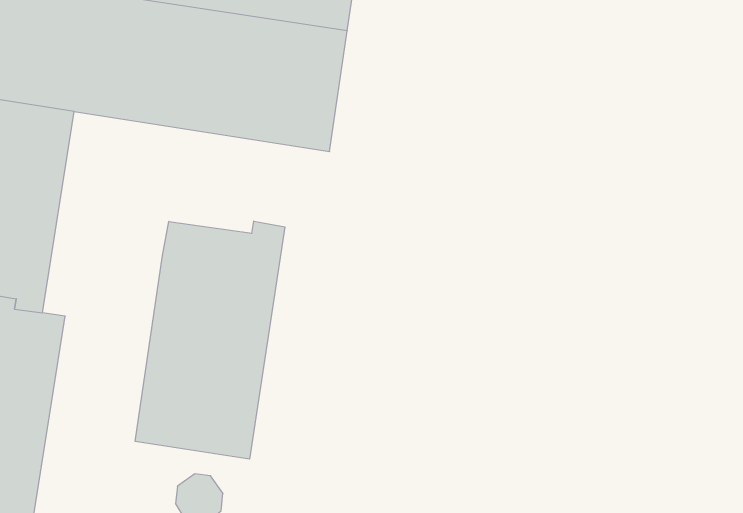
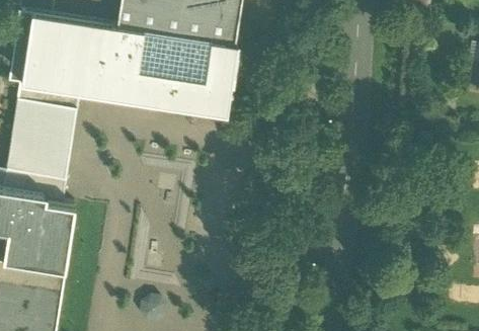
building: [135,221,285,459] -> none

